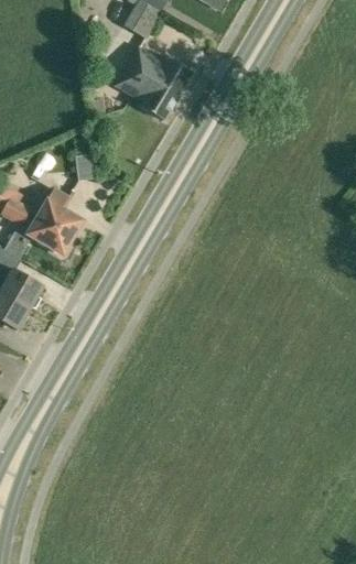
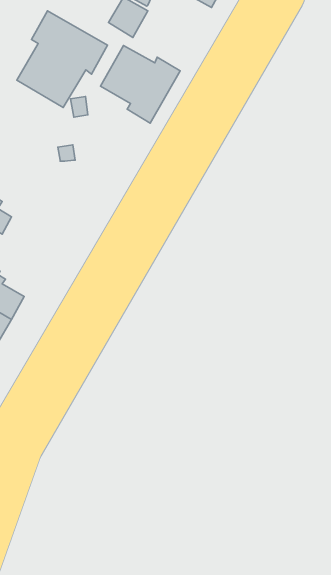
building: none -> [17,11,107,107]
building: [29,188,82,252] -> none

